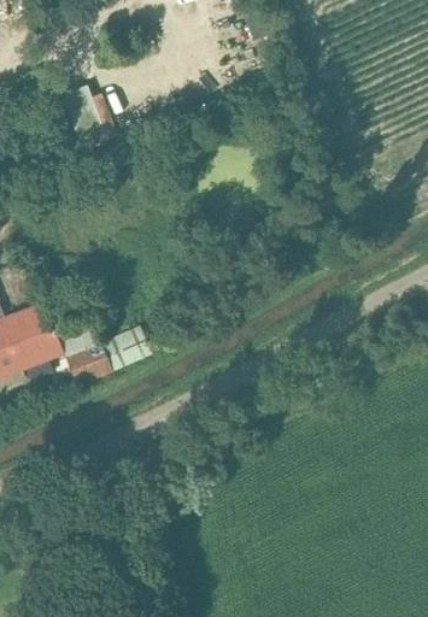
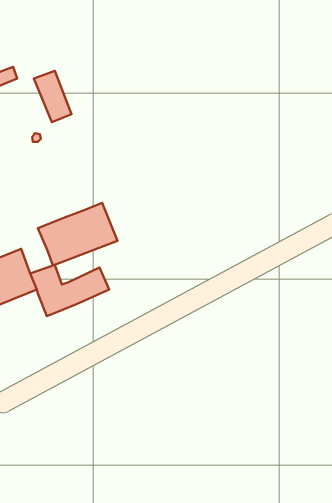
building: none -> [38,203,117,265]

